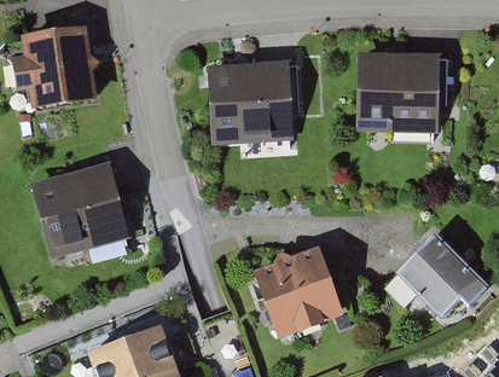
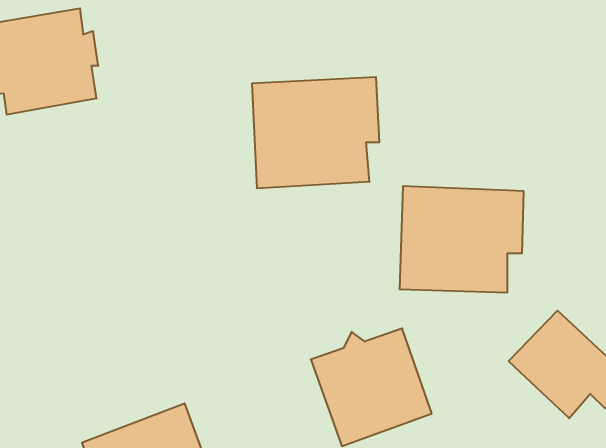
building: [358,59,449,138] -> [399,186,524,292]
building: [27,152,127,250] -> none

